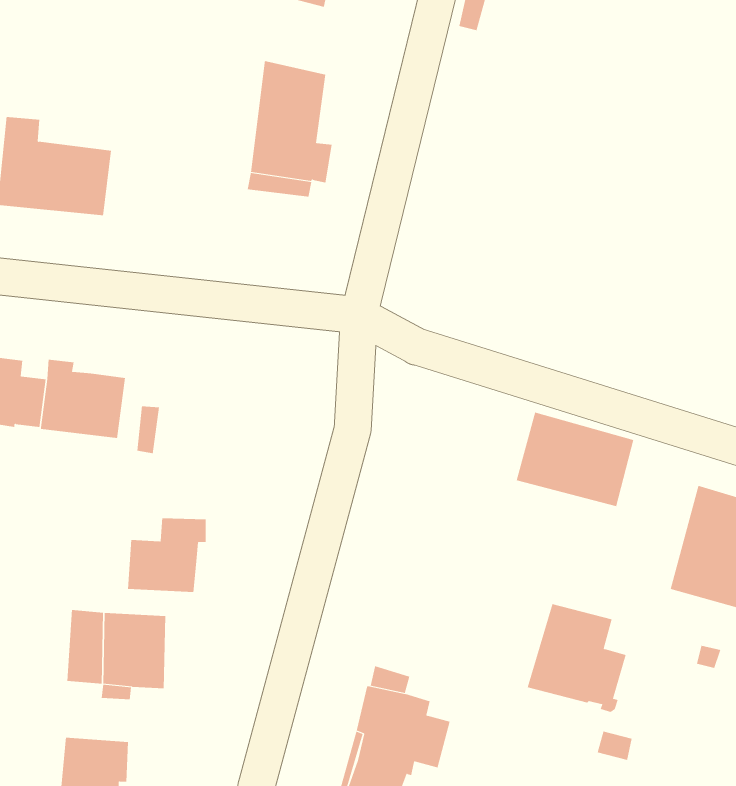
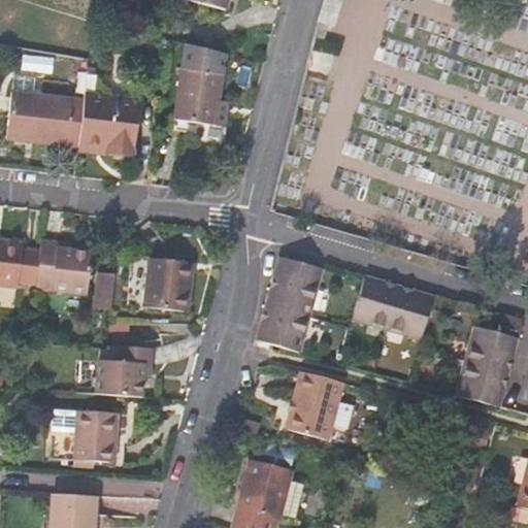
building: none -> [78,76,139,157]
building: none -> [256,257,322,352]
building: none -> [146,258,195,309]
building: [527,604,626,712] -> [287,371,353,443]

